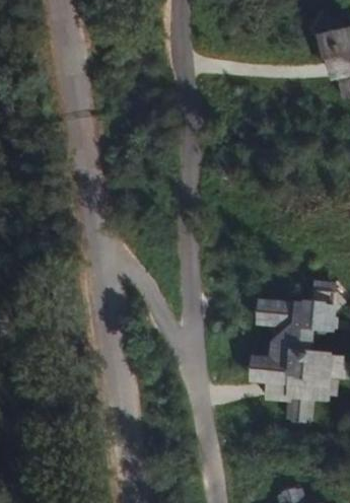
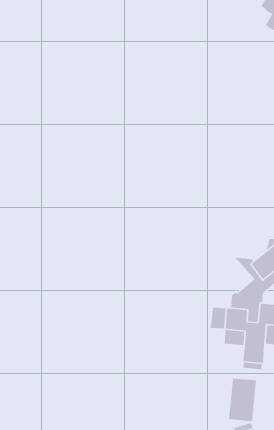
building: [257,295,300,341] -> none
building: none -> [228,378,257,422]

